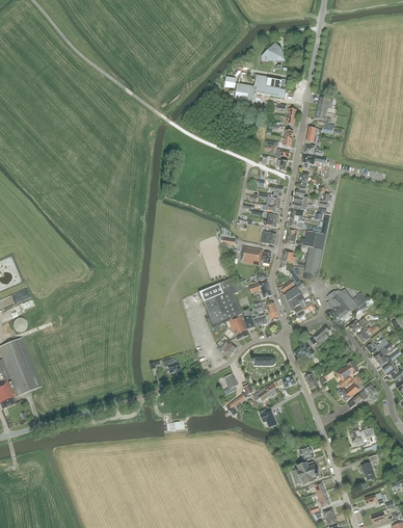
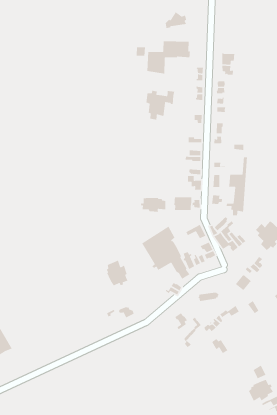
building: none -> [146,90,175,120]
building: none -> [140,197,166,213]
building: none -> [106,260,129,286]

